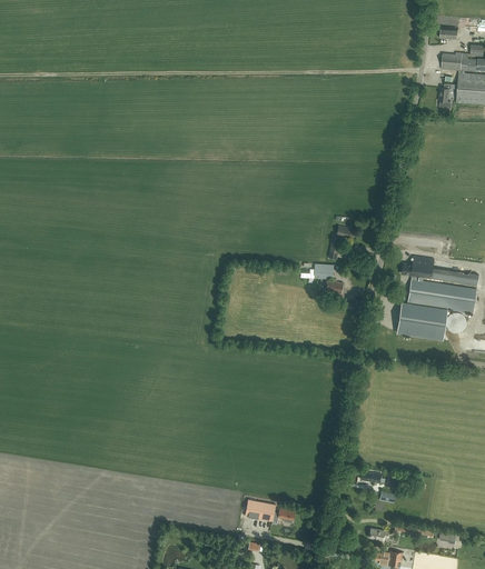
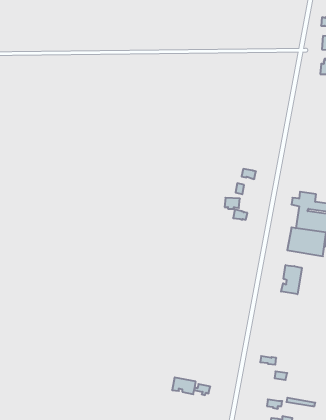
building: none -> [281,265,302,294]

